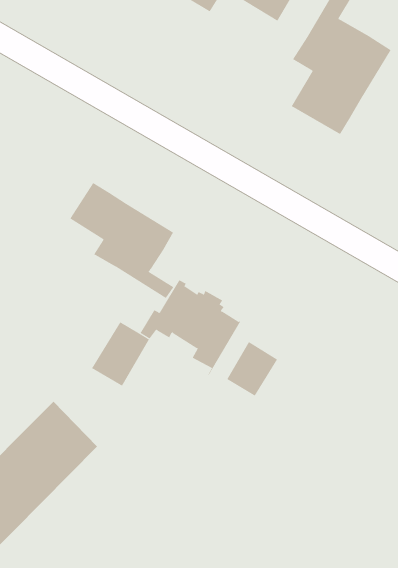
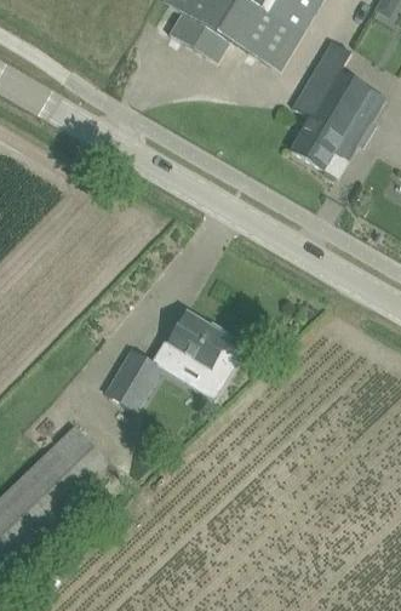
building: [69,182,174,299] -> none
building: [226,341,278,396] -> none

